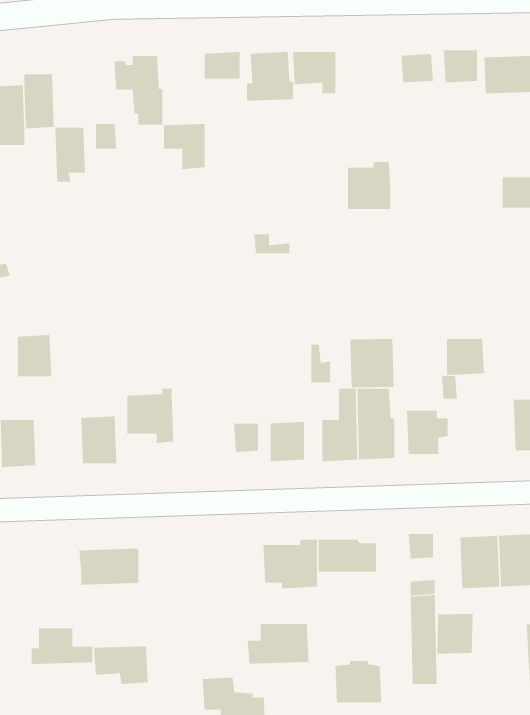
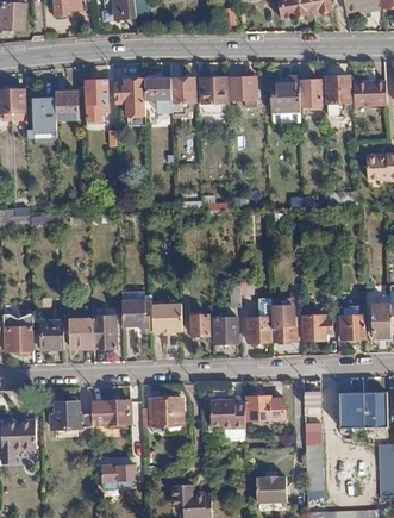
building: [163,123,206,169] -> [144,80,171,110]
building: [55,127,86,182] -> [87,83,107,119]
building: [347,162,391,209] -> [271,81,300,112]
building: [17,335,52,377] -> [70,318,93,345]
building: [350,338,394,388] -> none
building: [446,339,485,375] -> [339,314,364,338]
building: none -> [151,301,182,332]
building: [437,613,473,654] -> none
building: [247,624,310,664] -> [142,399,182,425]
building: [31,628,93,664] -> [51,404,92,427]

